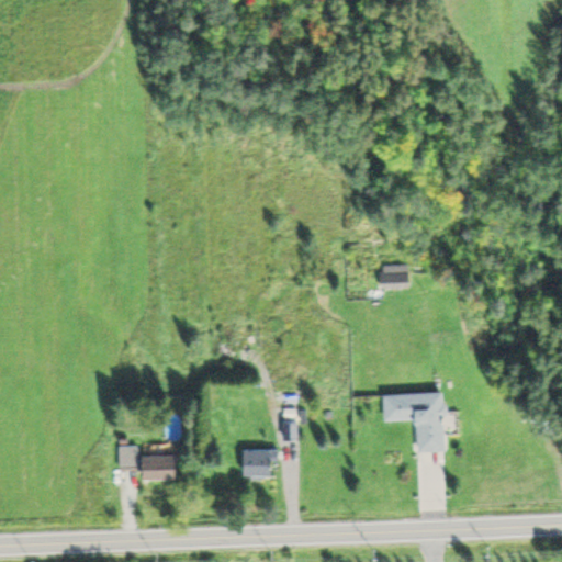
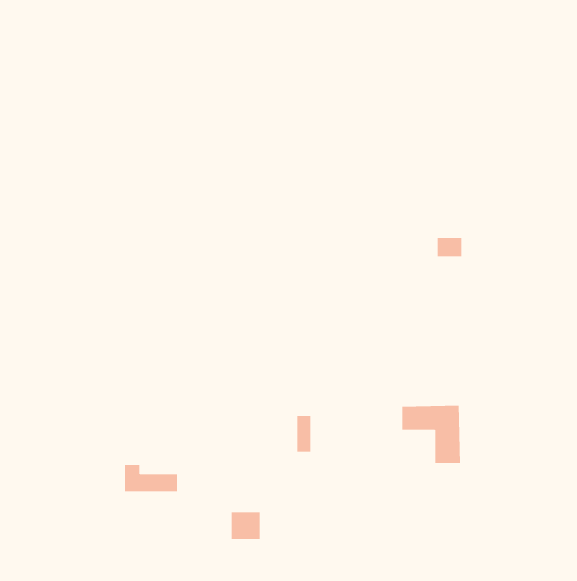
building: [384,270,408,289] -> [437,238,462,257]
building: [244,450,272,476] -> [231,512,260,539]

